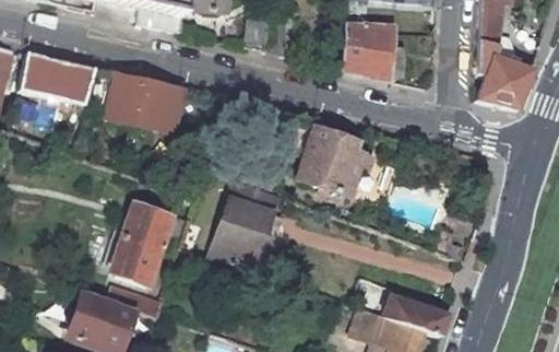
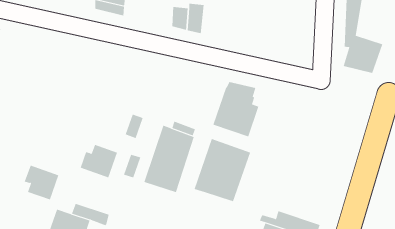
building: [344,25,395,79] -> none
building: [20,52,97,104] -> none
building: [112,74,187,133] -> none
building: none -> [194,138,251,202]
building: [114,237,162,285] -> [24,165,59,200]

